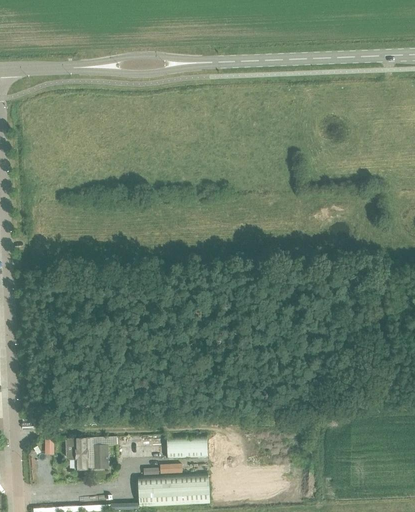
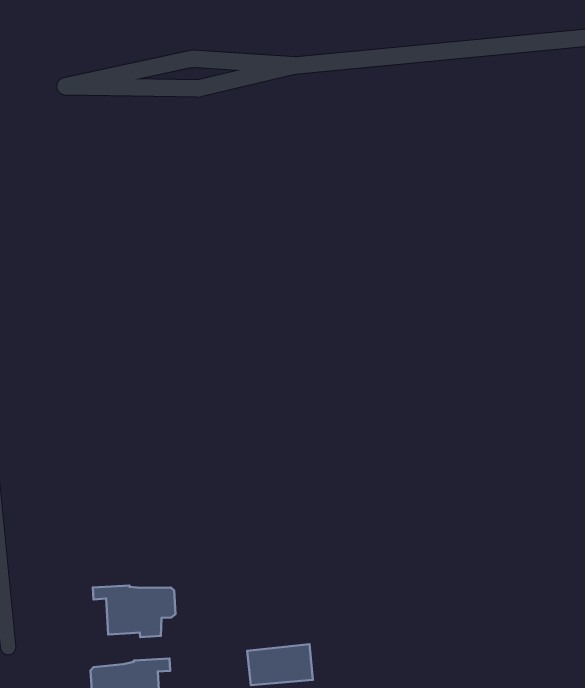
building: none -> [93,585,176,637]

